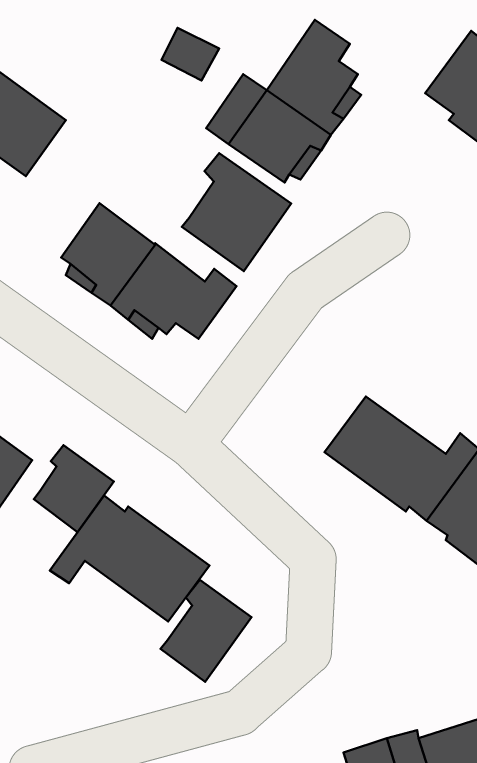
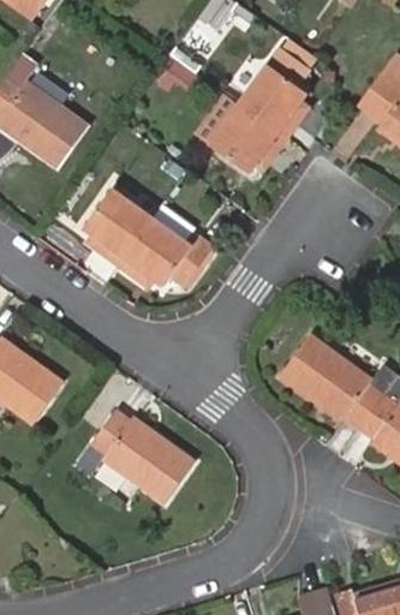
building: [182,153,291,271] -> none
building: [34,445,114,532] -> none
building: [161,580,252,682] -> none

